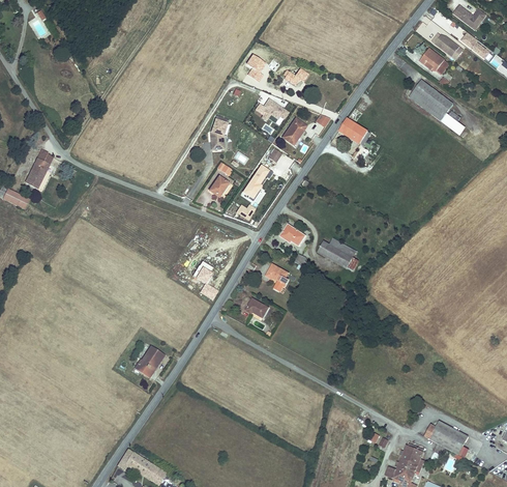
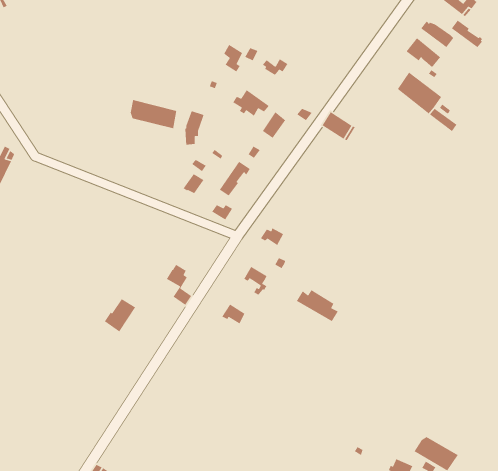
building: none -> [130,99,177,129]
building: [317,237,357,268] -> [296,289,339,322]
building: [133,346,163,378] -> [104,298,136,332]

